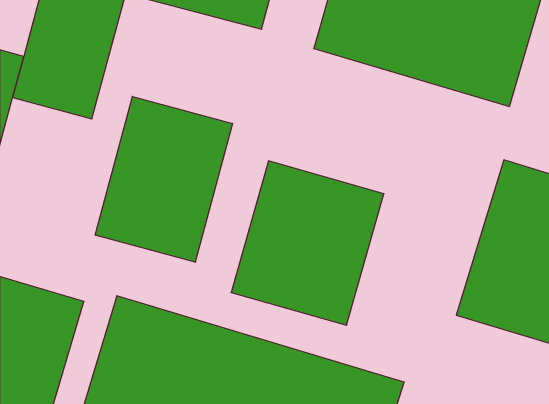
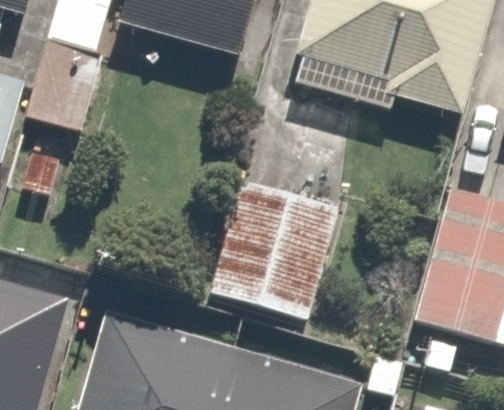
building: [95,96,233,262] -> none

